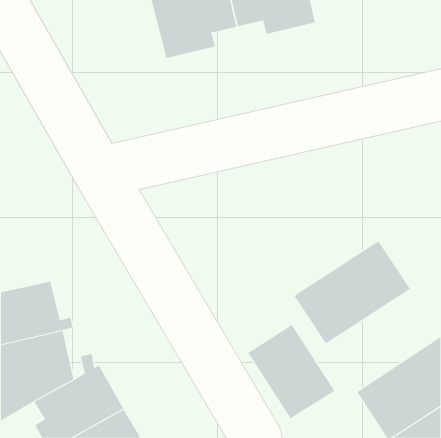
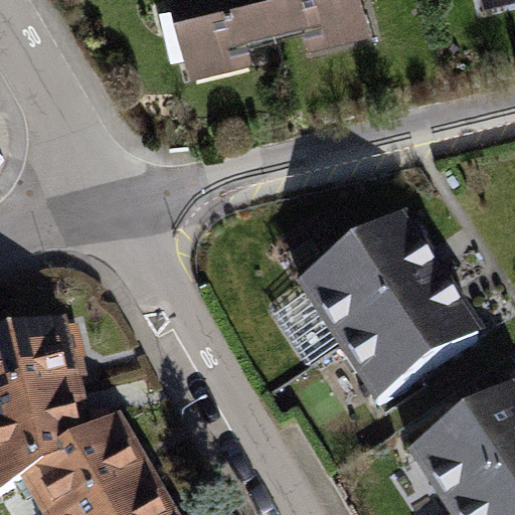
building: none -> [305,223,442,345]
building: [247,324,335,419] -> none

